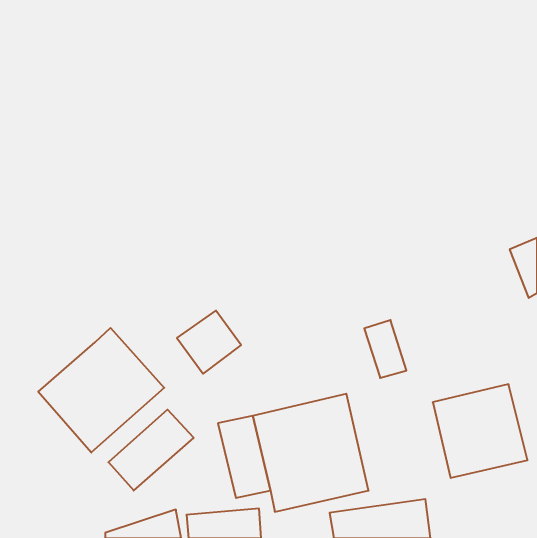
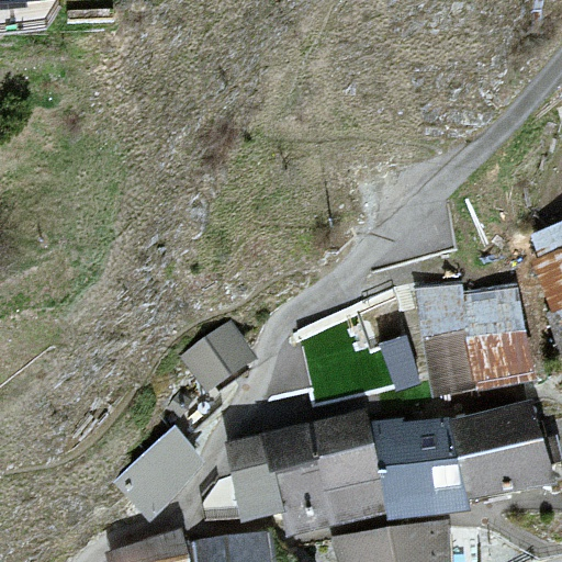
building: none -> [416,283,533,395]
building: [38,328,164,453] -> none
building: none -> [375,418,461,516]

